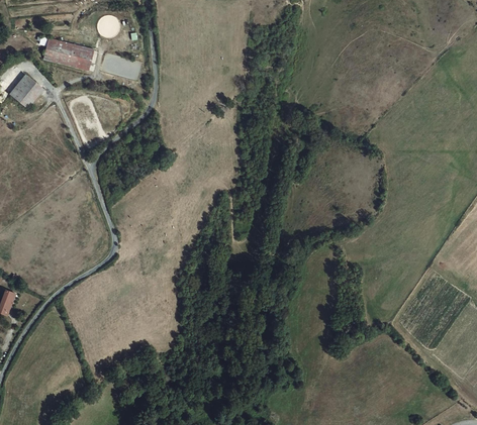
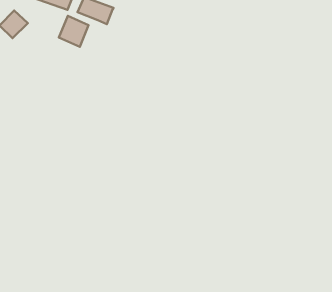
building: none -> [59,16,89,47]

